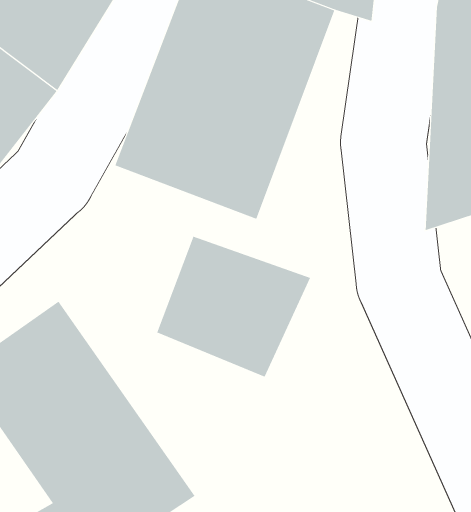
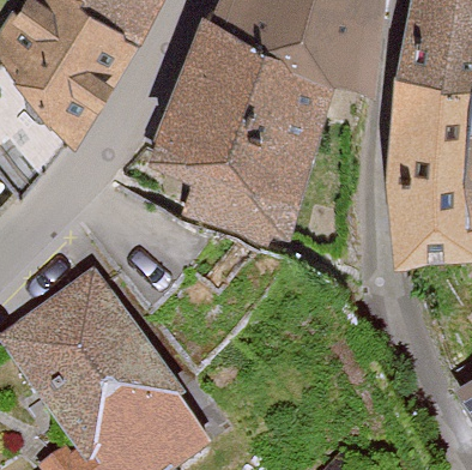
building: [156,236,311,378] -> none

